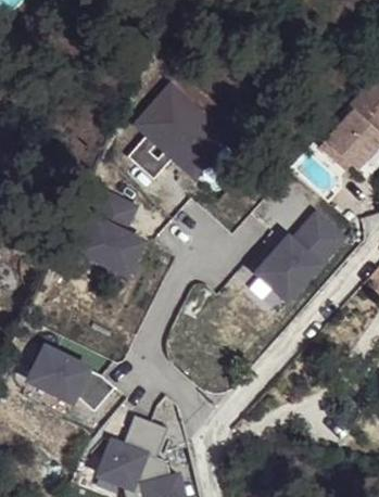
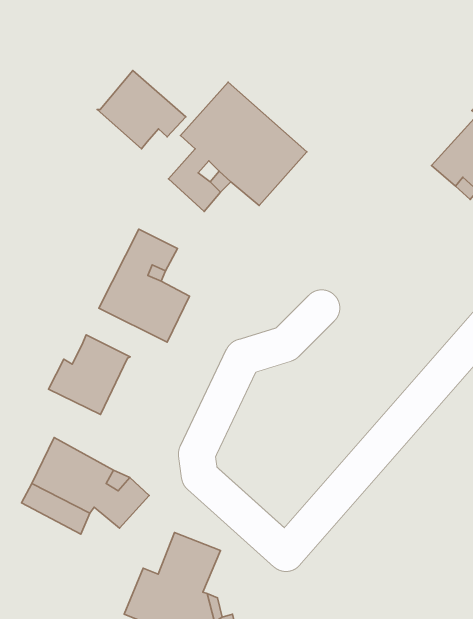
building: none -> [97,71,186,149]
building: [256,214,342,300] -> none
building: none -> [48,335,130,415]

